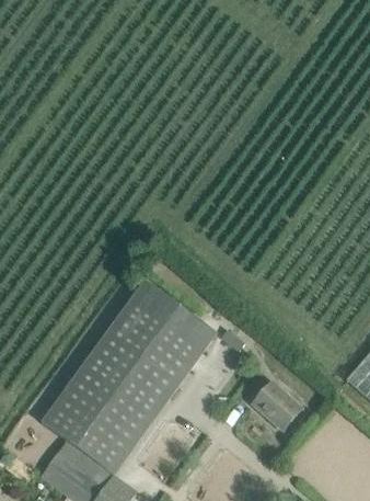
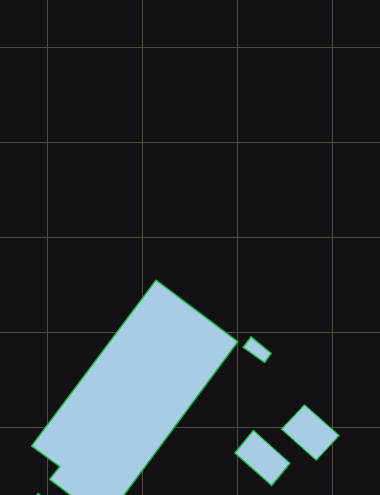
building: none -> [235,430,290,486]

